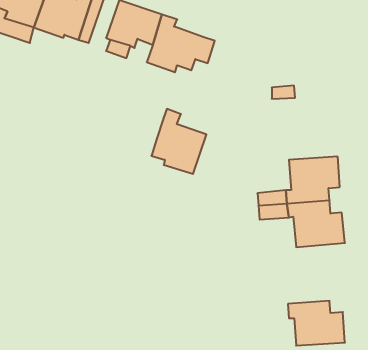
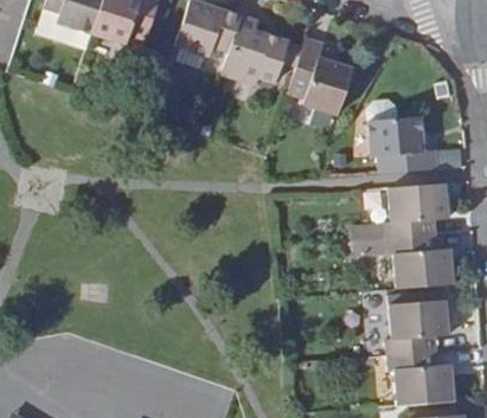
building: none -> [369,116,436,173]
building: [151,109,206,174] -> [288,39,352,115]
building: none -> [386,301,449,355]

